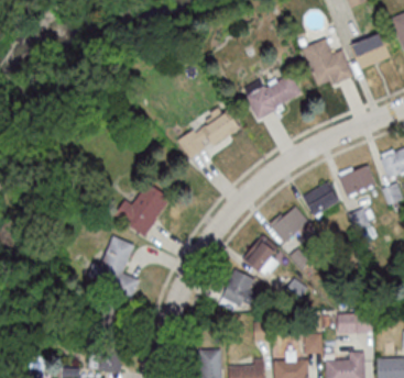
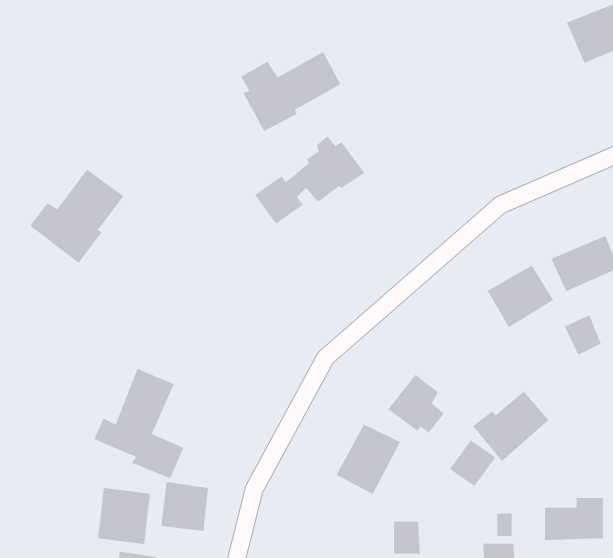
building: [301,38,352,85] -> none
building: [243,75,299,120] -> [240,51,341,132]
building: [114,185,167,237] -> [29,168,125,264]
building: [269,204,312,244] -> [472,390,550,462]
building: none -> [160,481,209,532]

